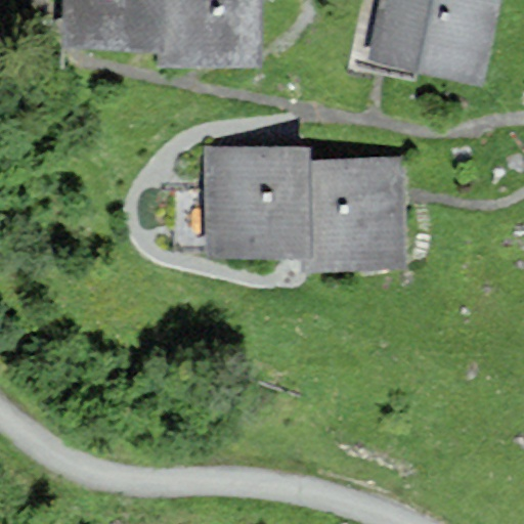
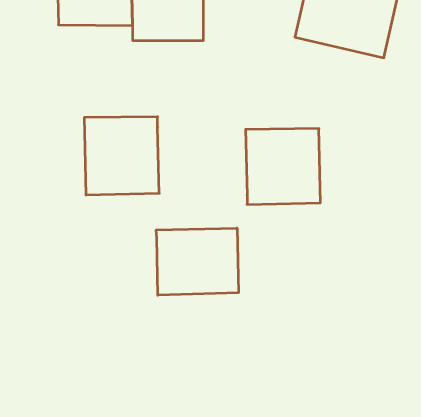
building: [214,147,307,245] -> [84,117,159,195]
building: none -> [156,228,238,295]

